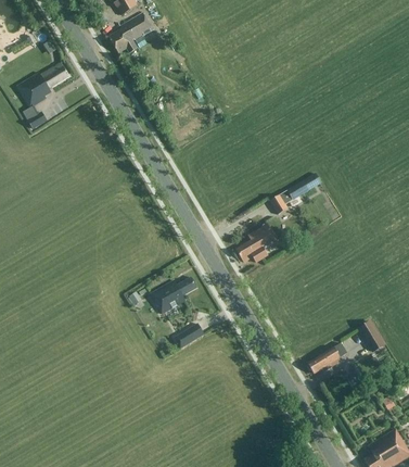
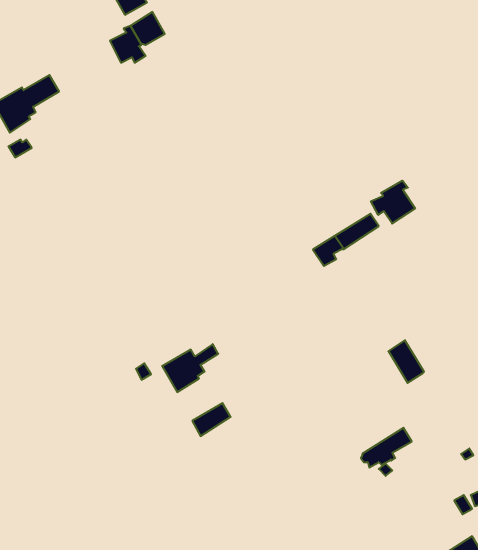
building: none -> [371,181,415,224]
building: [237,224,278,262] -> none
building: [358,319,386,353] -> [388,340,424,383]

